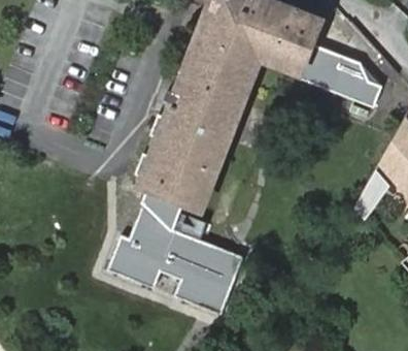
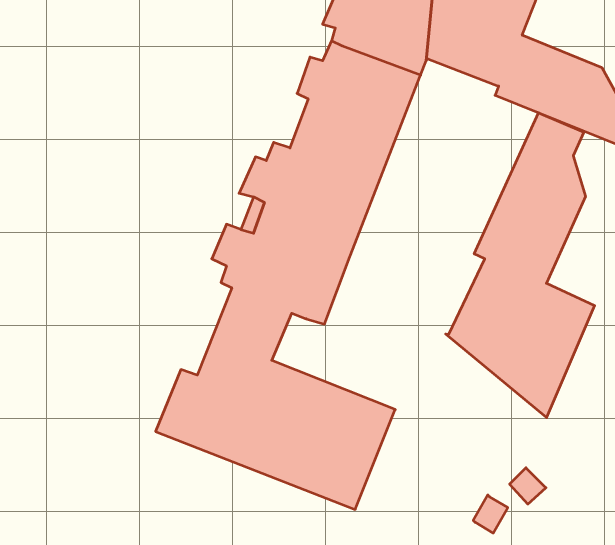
building: none -> [446,113,595,418]

